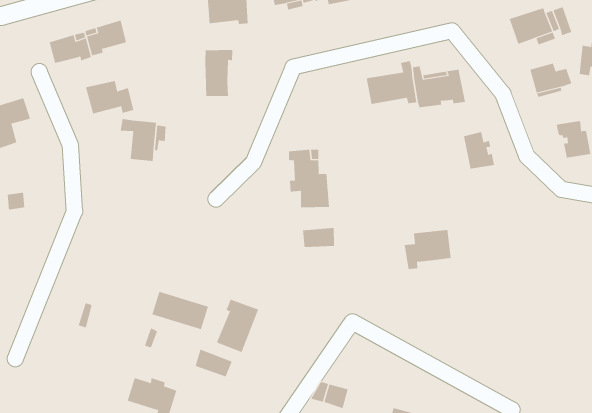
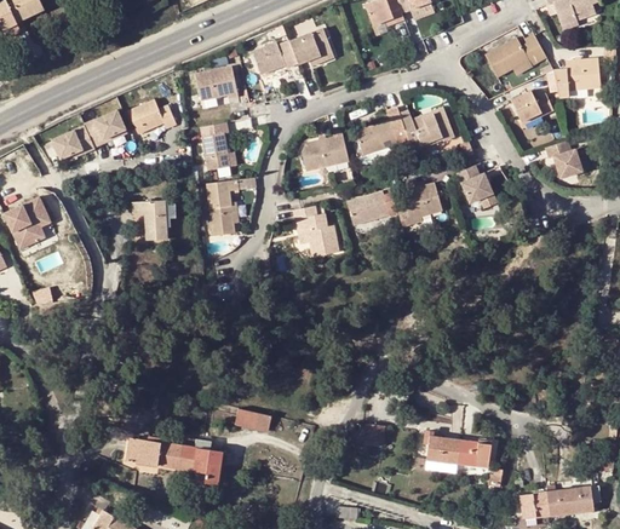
building: none -> [300,127,349,169]
building: [85,80,134,114] -> [127,99,177,134]
building: none -> [207,177,256,235]
building: none -> [349,195,390,229]
building: [303,227,334,248] -> none
building: [404,230,452,270] -> [395,183,442,226]
building: [151,291,209,330] -> [127,438,180,468]
building: [216,299,259,353] -> none

